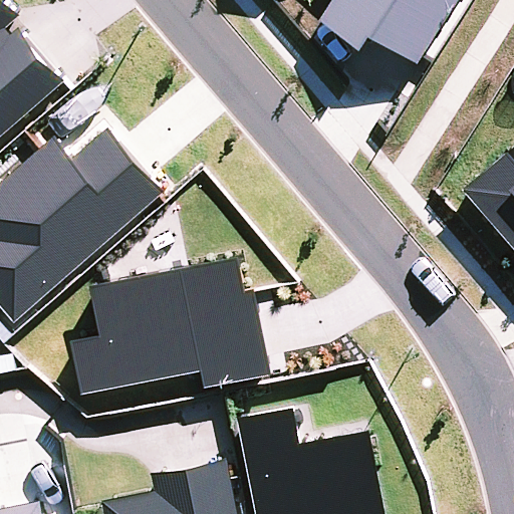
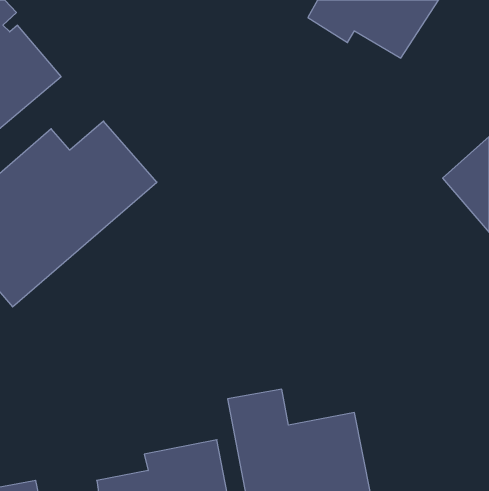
building: [71,257,269,396] -> none

